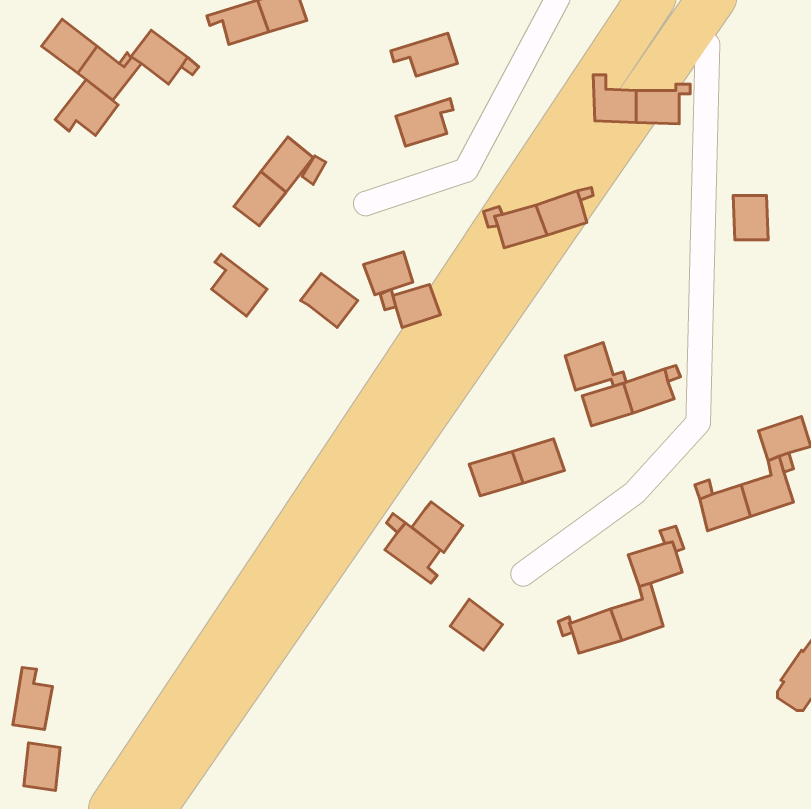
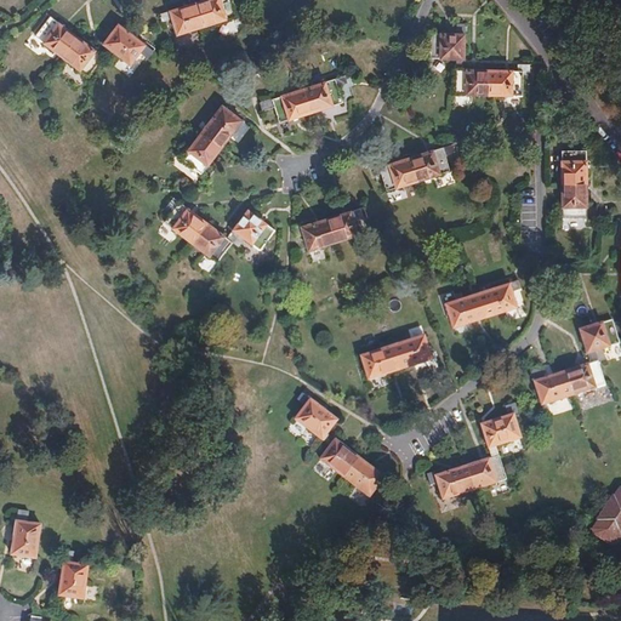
building: none -> [429,23,463,57]
building: [391,33,458,76] -> [260,89,310,121]
building: [55,79,118,135] -> none
building: none -> [562,183,587,216]
building: [364,252,413,295] -> [329,207,366,240]
building: none -> [189,221,237,261]
building: [565,342,626,390] -> none
building: [412,502,463,553] -> [320,439,359,478]
building: [24,743,60,791] -> [59,562,87,598]

